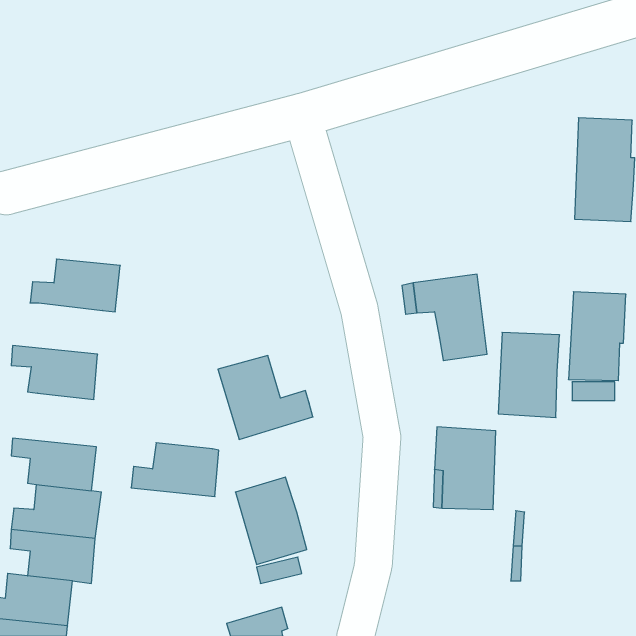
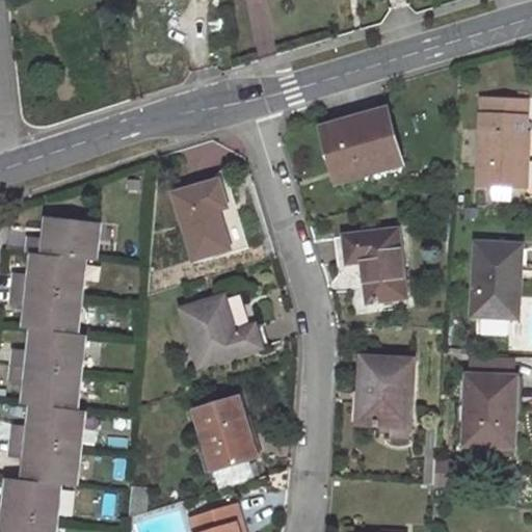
building: none -> [324,108,399,178]
building: none -> [174,179,229,258]
building: none -> [10,251,85,294]
building: [498,332,560,418] -> [464,374,515,445]
building: [131,443,219,497] -> [10,326,83,371]

